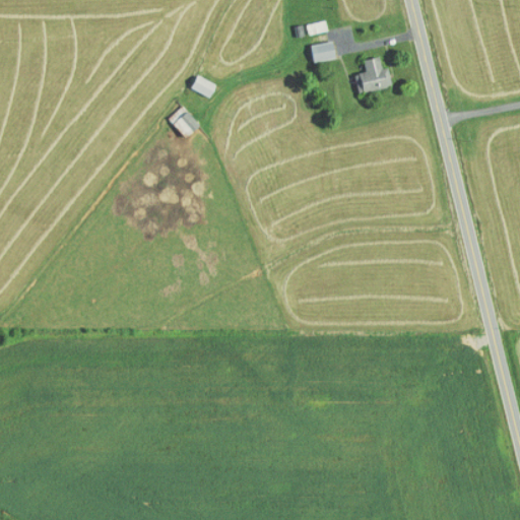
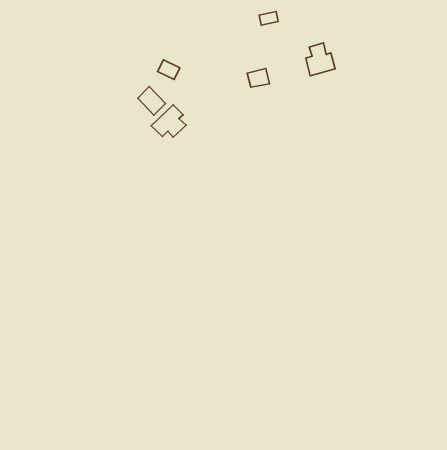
building: [310,41,335,62] -> [247,69,270,87]
building: none -> [151,105,186,137]

